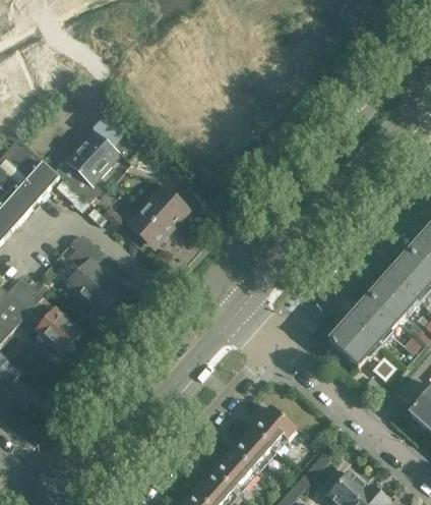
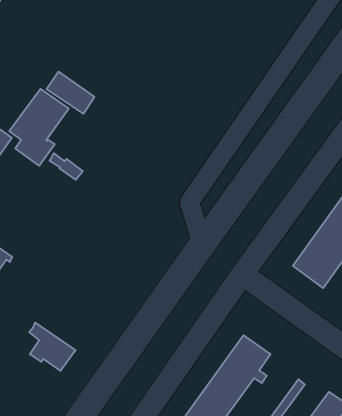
building: [126,183,188,244] -> none
building: [66,235,120,312] -> none
building: [34,298,80,350] -> [29,323,75,371]

